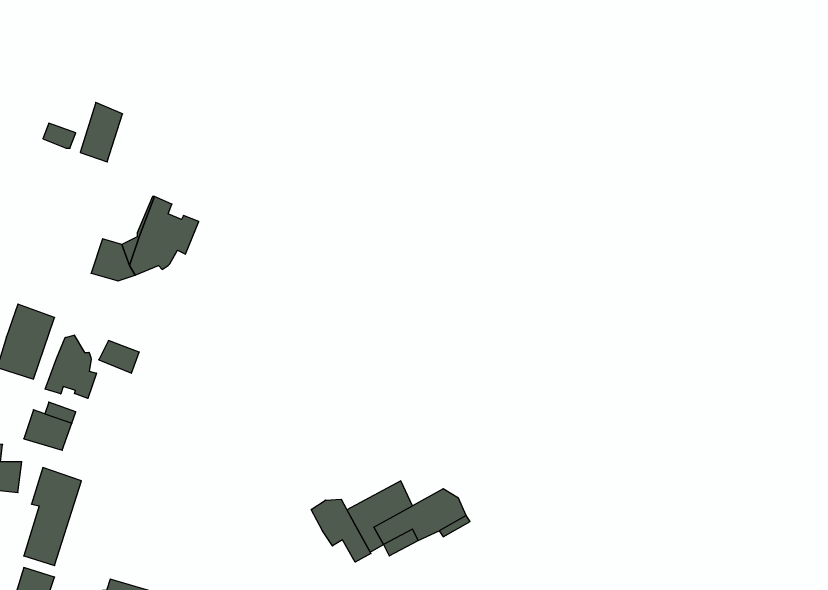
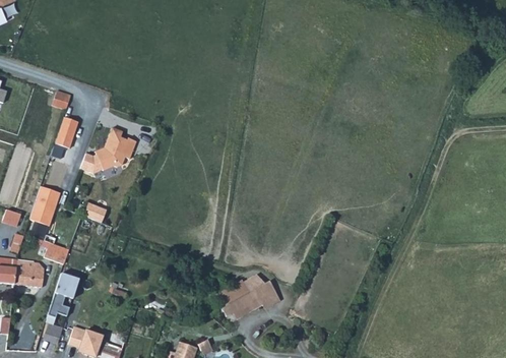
building: [80,102,123,162] -> [55,118,77,150]
building: [45,335,96,398] -> none
building: [311,499,371,562] -> none

